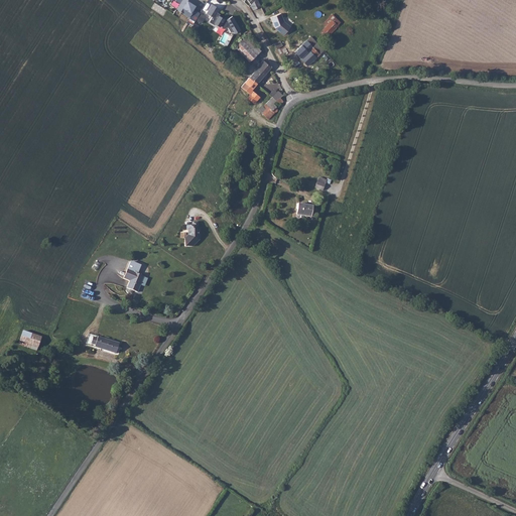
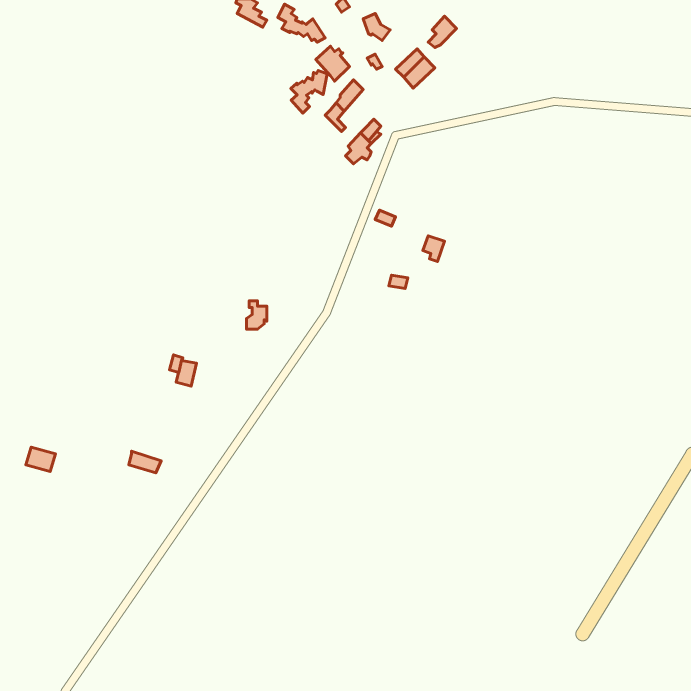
building: none -> [291,70,327,113]

